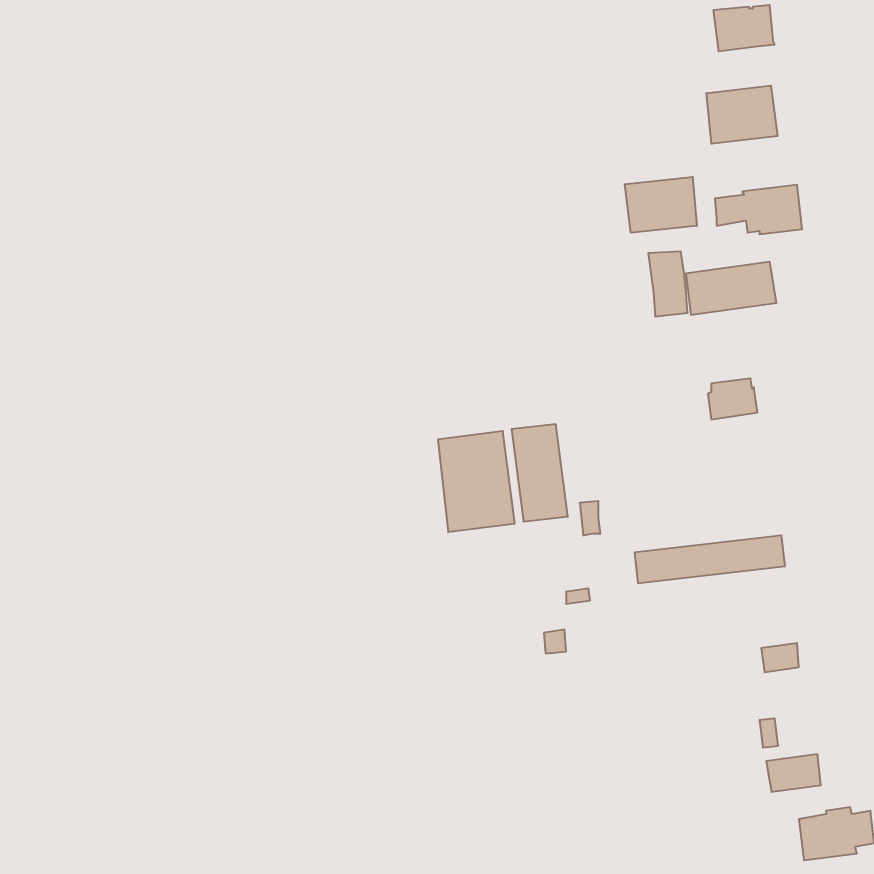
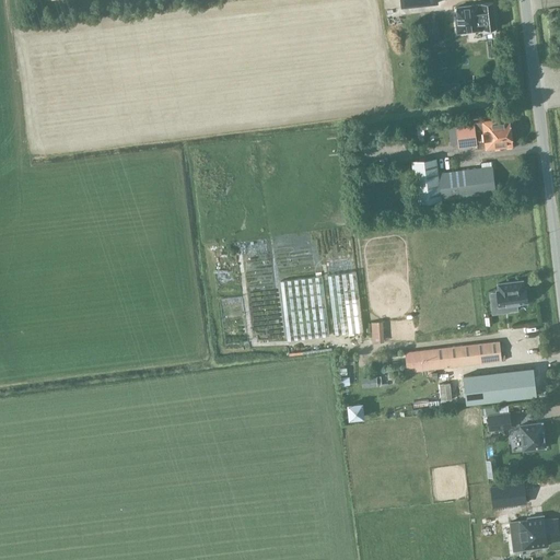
building: [706,86,778,144] -> none
building: [625,177,697,233] -> none
building: [708,378,757,419] -> [495,280,527,306]
building: none -> [462,369,537,404]
building: none -> [518,421,546,451]

